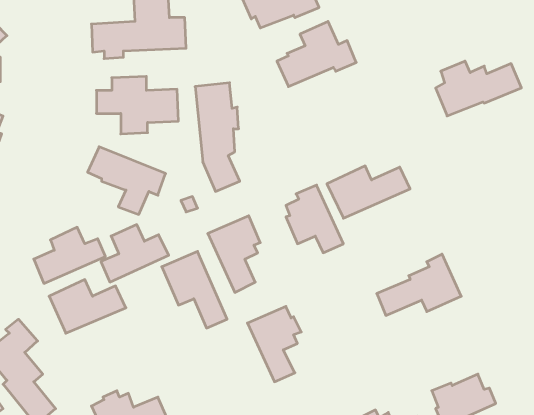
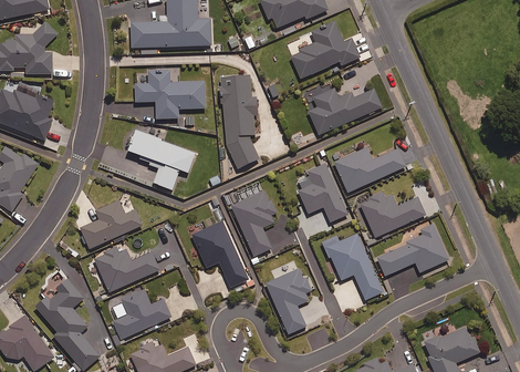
building: [436,61,521,116] -> [308,86,382,134]
building: none -> [358,188,425,237]
building: [101,225,169,282] -> [112,289,170,339]
building: none -> [321,231,382,299]

